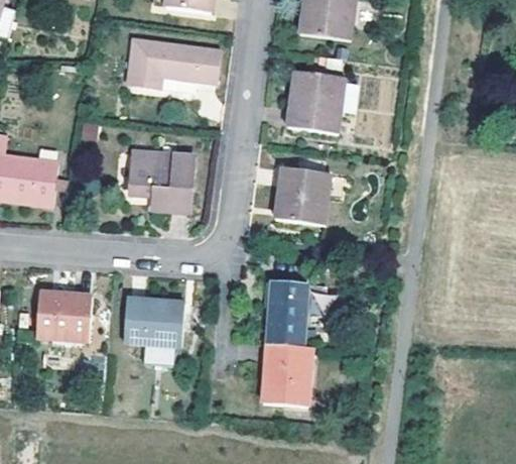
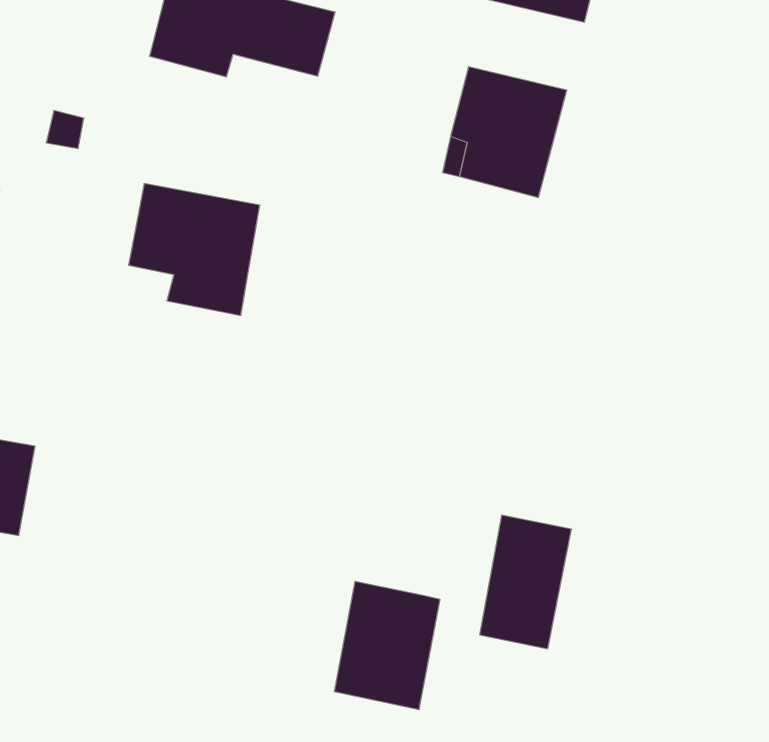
building: [274,165,331,223] -> none
building: [266,280,307,347] -> [480,515,572,649]
building: [124,297,183,347] -> none

